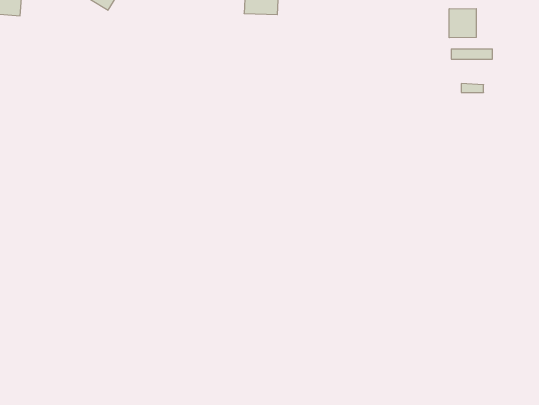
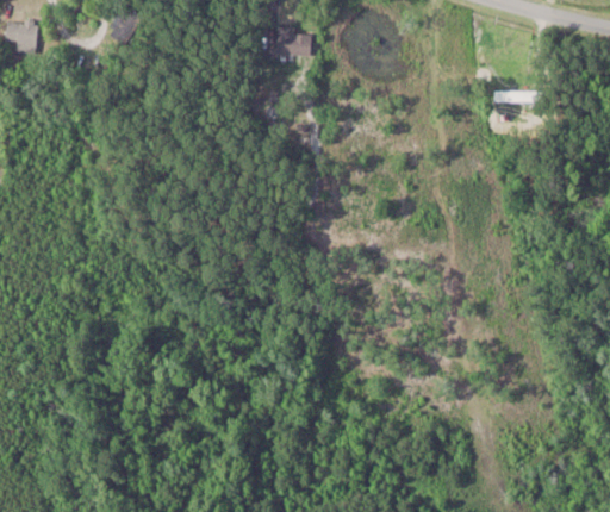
building: [449,9,476,38] -> none

